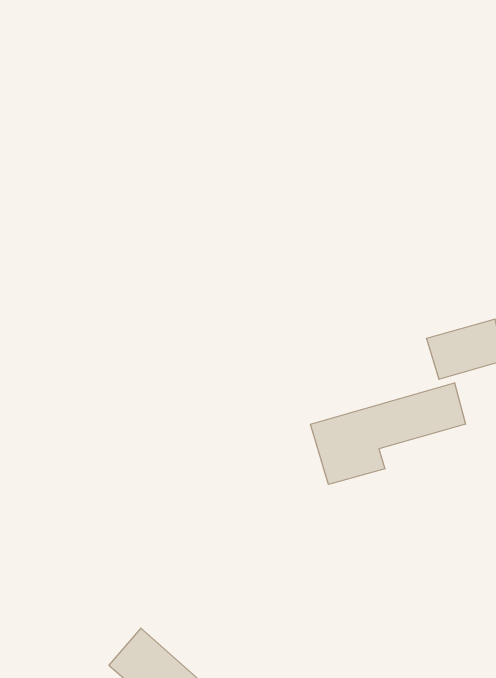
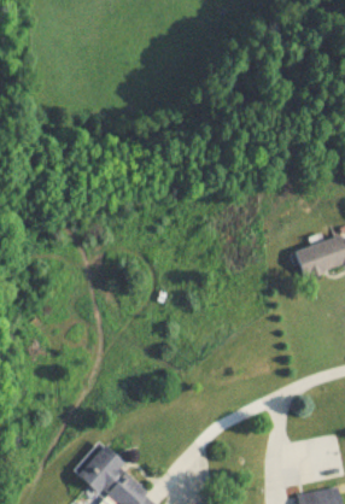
building: [311,383,466,484] -> none

